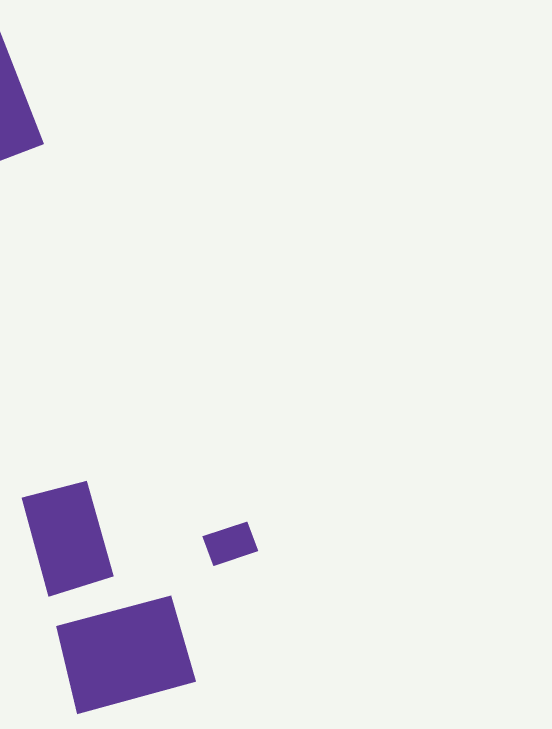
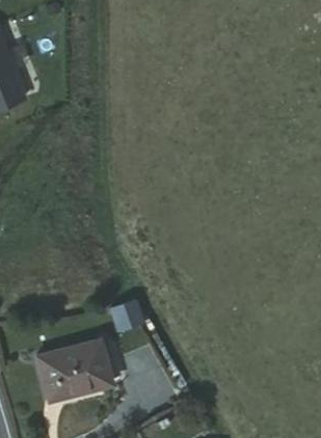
building: [20,480,115,598] -> none

